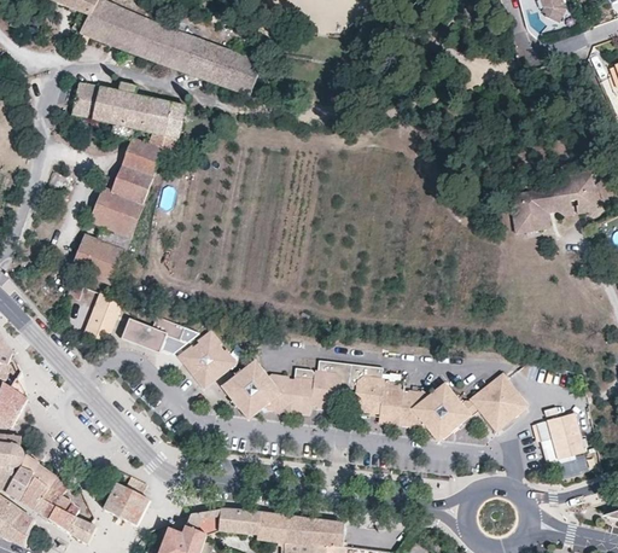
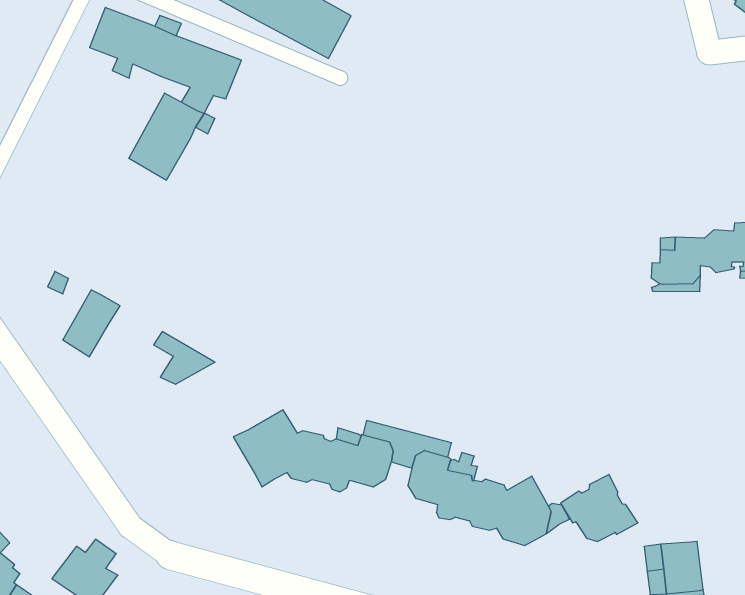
building: [71,187,142,284] -> none
building: [121,318,167,353] -> none
building: [176,328,235,383] -> none

